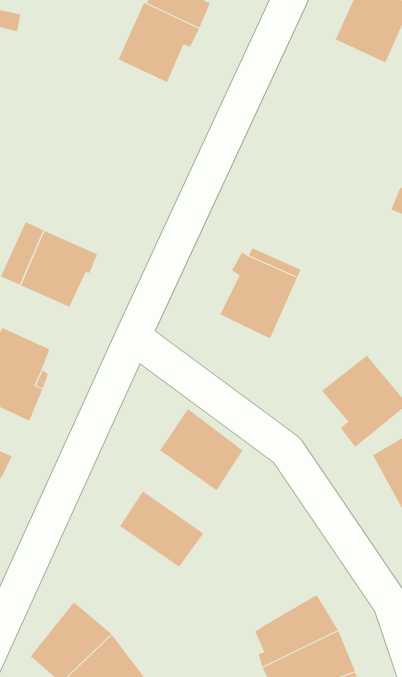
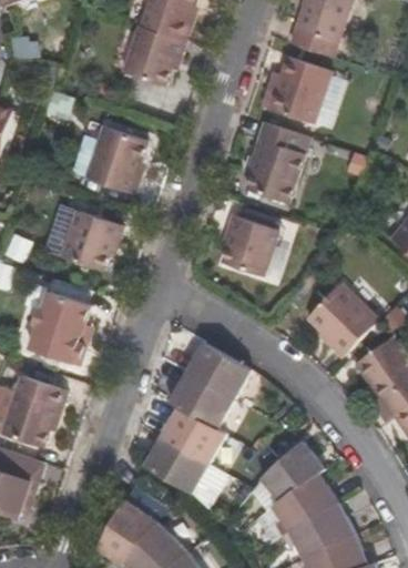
building: none -> [267,50,328,115]
building: none -> [84,124,144,191]
building: none -> [241,115,307,196]
building: none -> [166,375,232,432]
building: none -> [143,438,208,495]
building: none -> [262,444,325,505]

